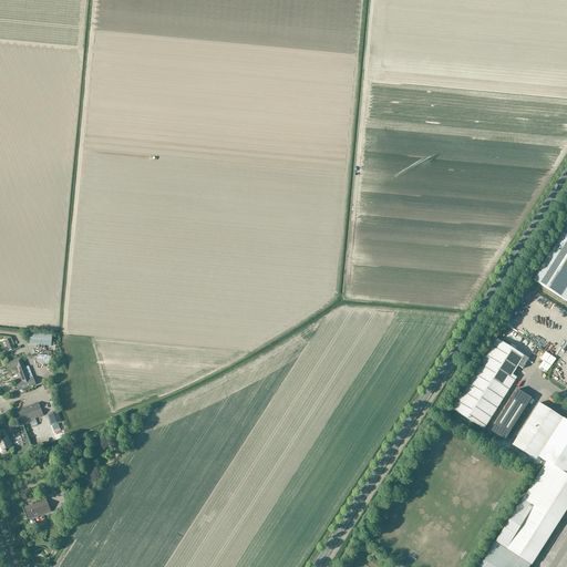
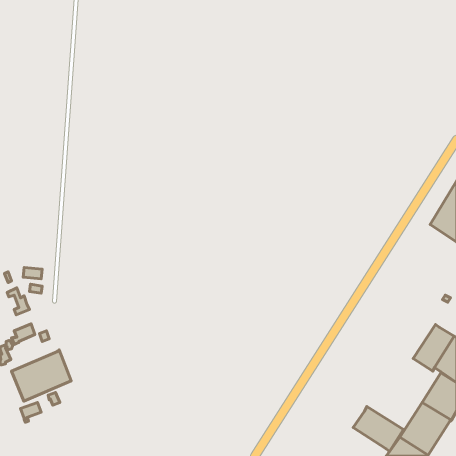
building: [451,337,529,429] -> none
building: [493,389,533,440] -> none
building: none -> [12,350,71,401]
building: none -> [353,407,404,451]

